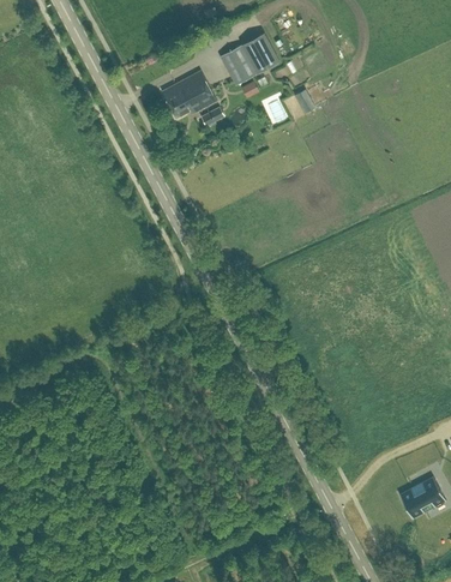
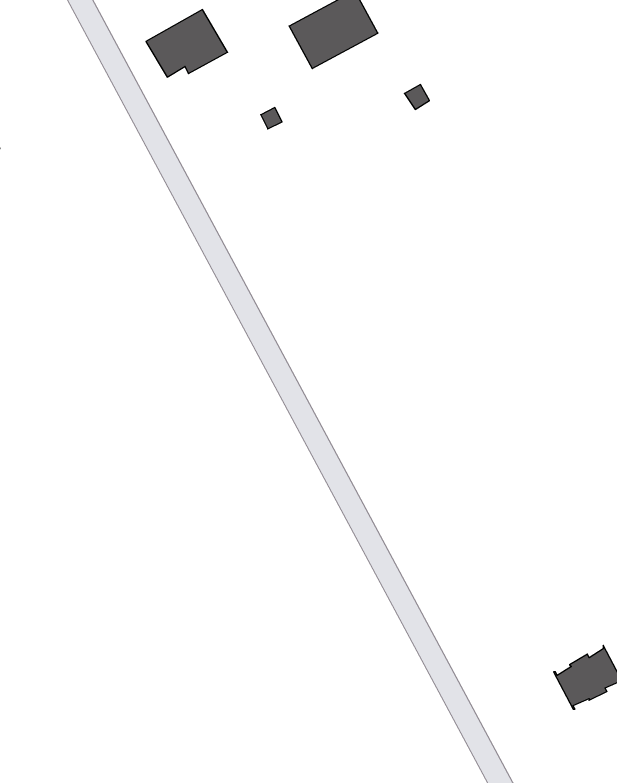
building: [162,71,217,116] -> [146,10,228,77]

